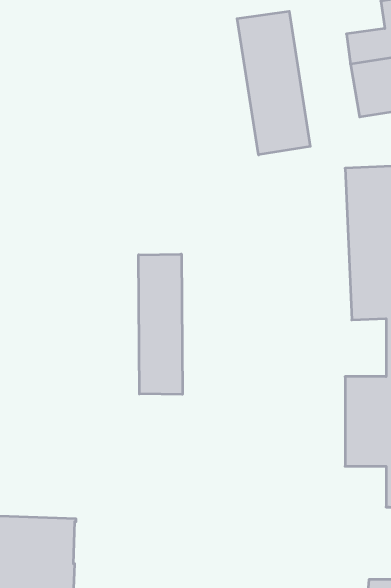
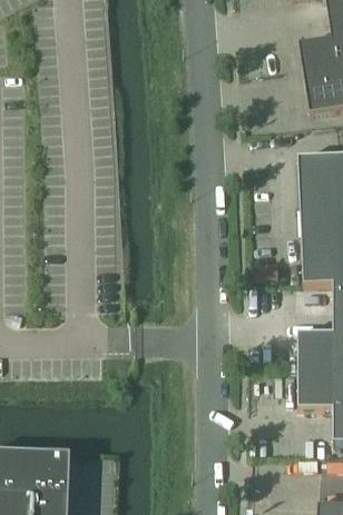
building: [237,11,310,155] -> none
building: [139,254,182,394] -> none

